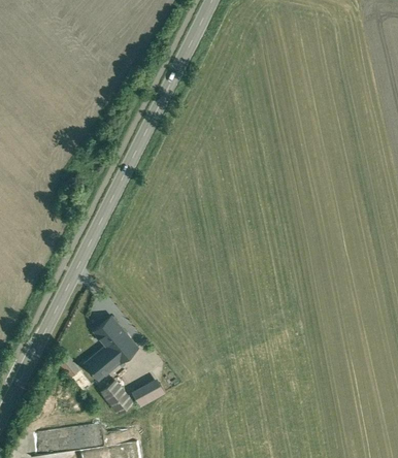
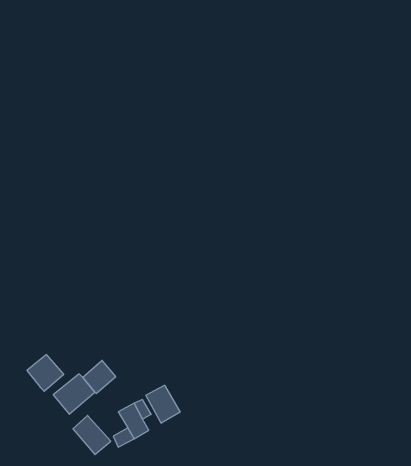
building: [94,318,125,349] -> [27,355,64,391]
building: none -> [146,385,180,423]

